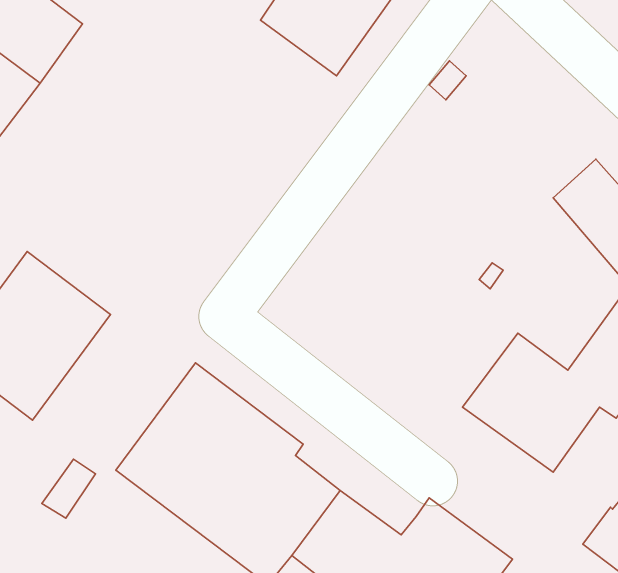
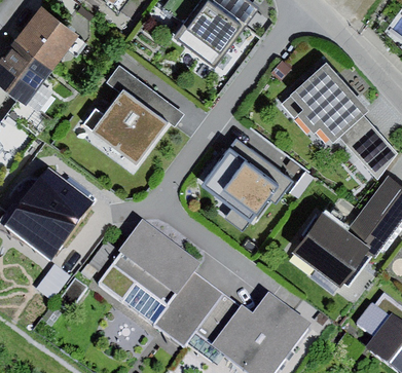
building: none -> [281,63,366,140]
building: none -> [81,65,184,161]
building: none -> [198,134,292,220]

